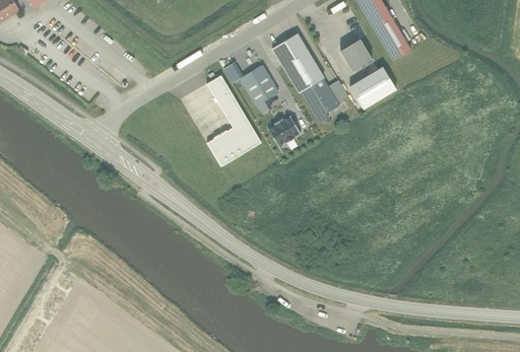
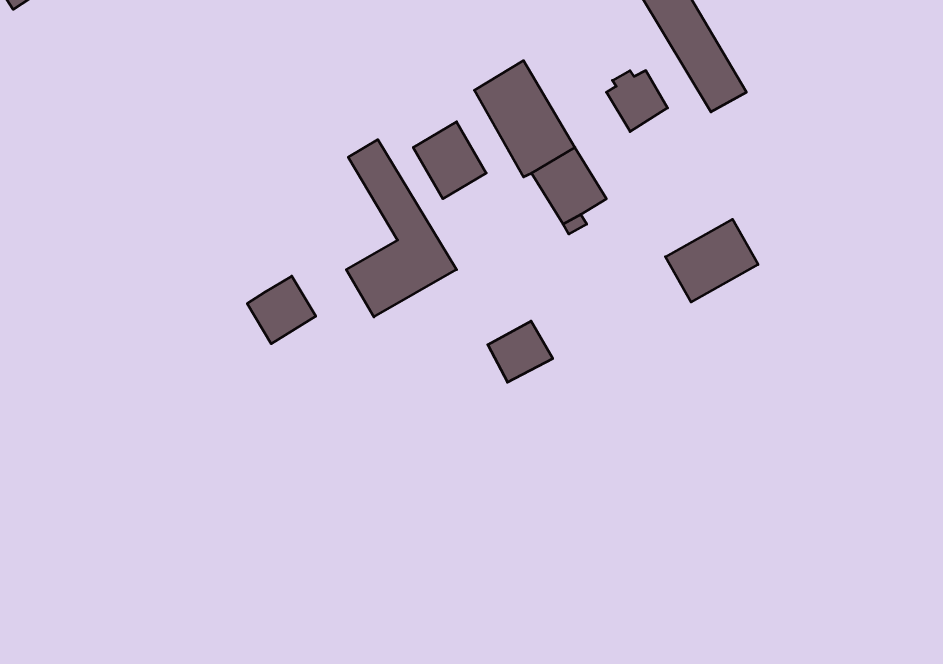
building: [347,67,395,110] -> [665,219,758,302]
building: [266,114,300,145] -> [488,321,553,382]
building: none -> [247,276,316,344]

